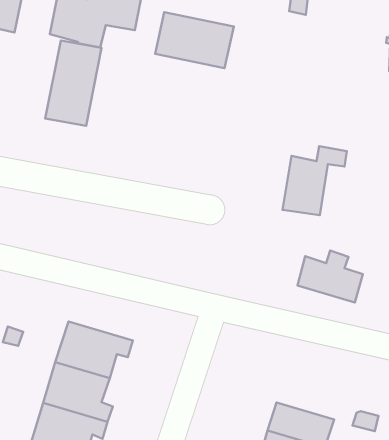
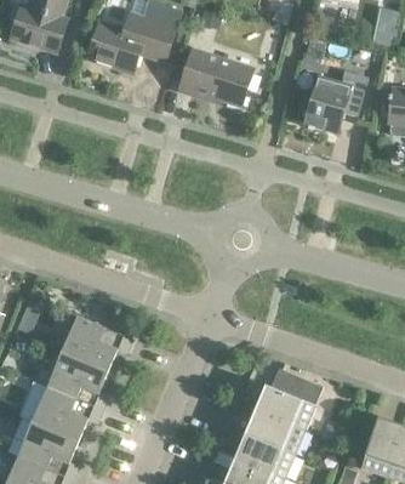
building: [45,40,102,126] -> none
building: [282,146,347,215] -> [304,70,367,132]
building: [297,251,363,302] -> [255,381,314,429]

